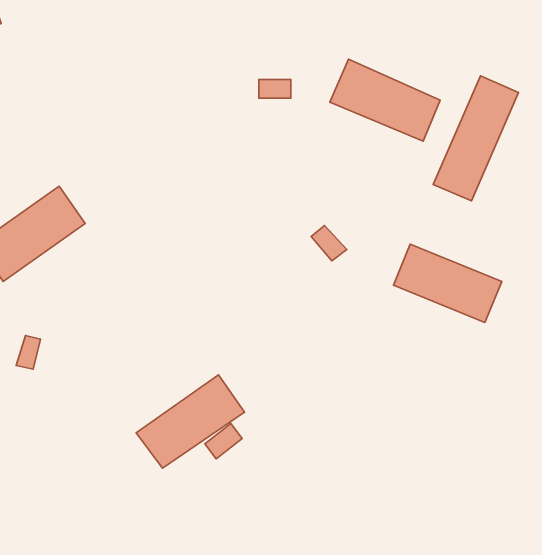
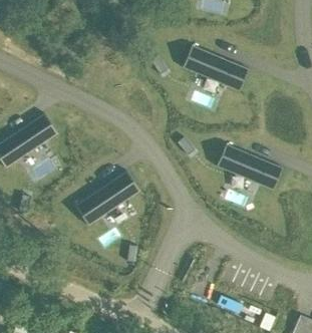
building: [433,76,519,201] -> none
building: [136,375,245,468] -> [78,173,136,223]

